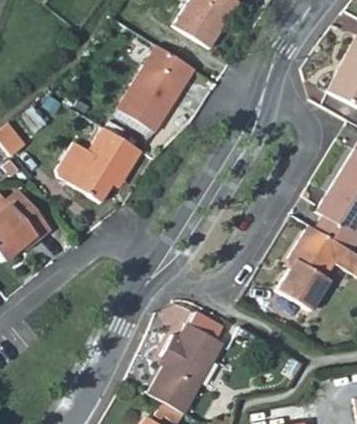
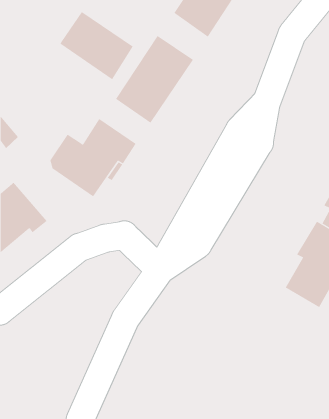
building: none -> [60,11,134,80]
building: [152,325,226,415] -> none

